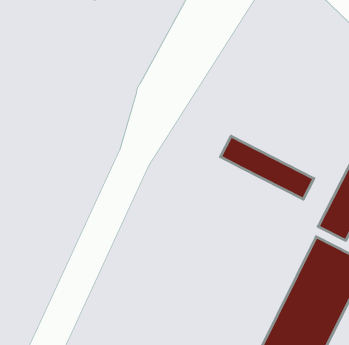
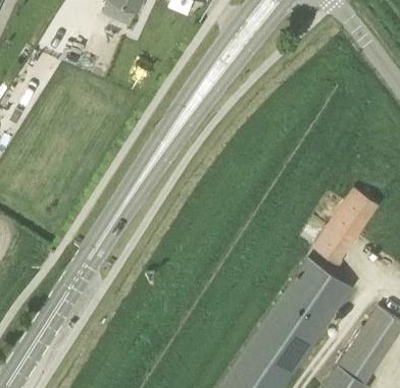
building: [220,136,314,199] -> none

